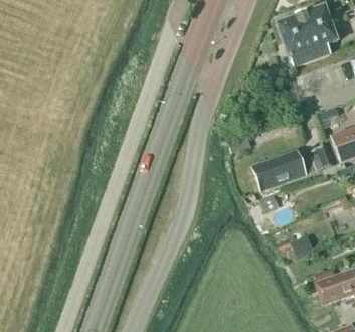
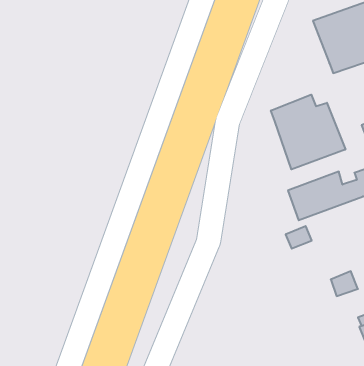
building: none -> [271,95,345,169]

